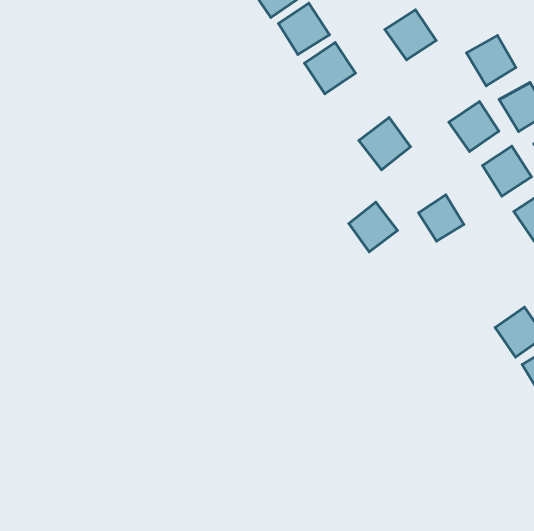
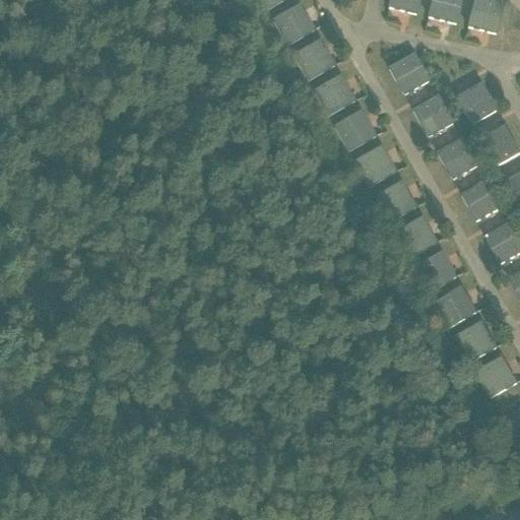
building: none -> [410,92,455,136]
building: none -> [333,108,377,151]
building: [349,202,397,252] -> [377,179,418,221]
building: none -> [418,250,457,288]
building: none -> [435,283,479,327]

